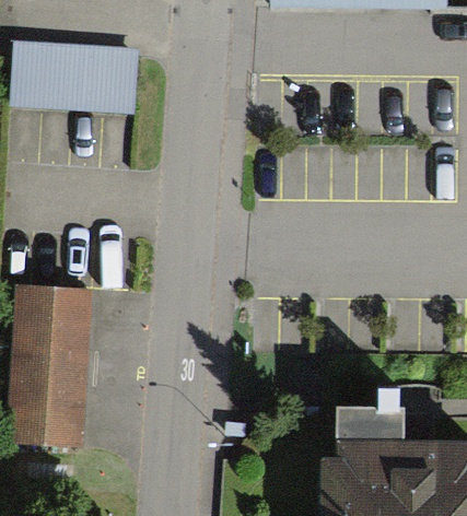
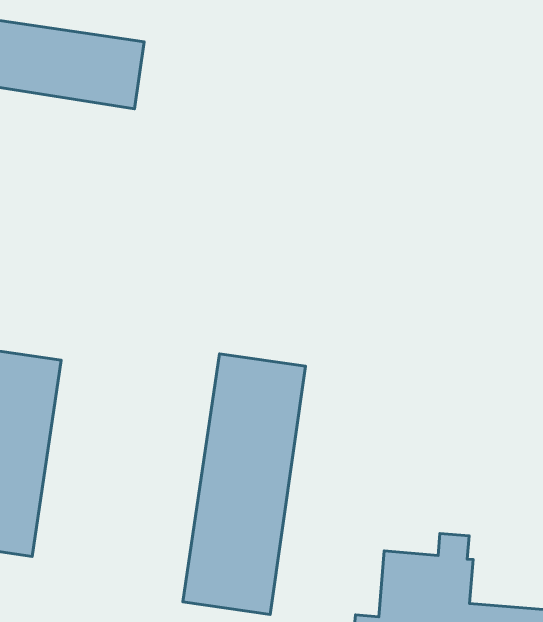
building: none -> [183,354,306,614]

